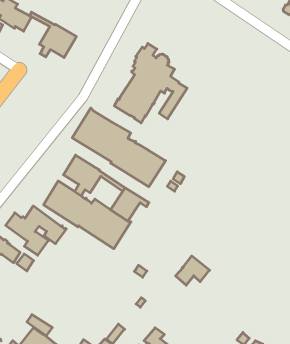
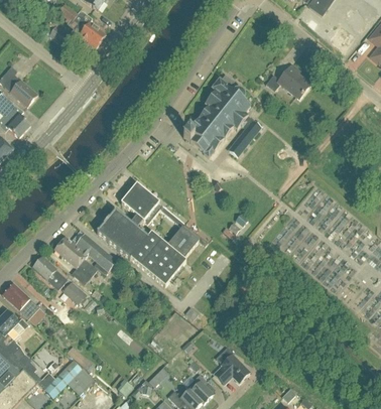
building: [30,12,76,58] -> none
building: none -> [265,64,310,98]
building: [72,108,166,187] -> none
building: [176,256,210,285] -> [214,354,250,384]

